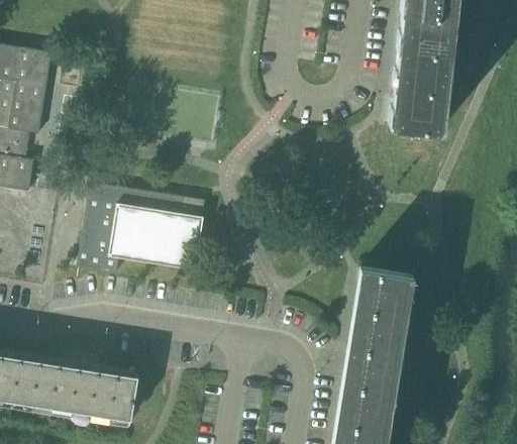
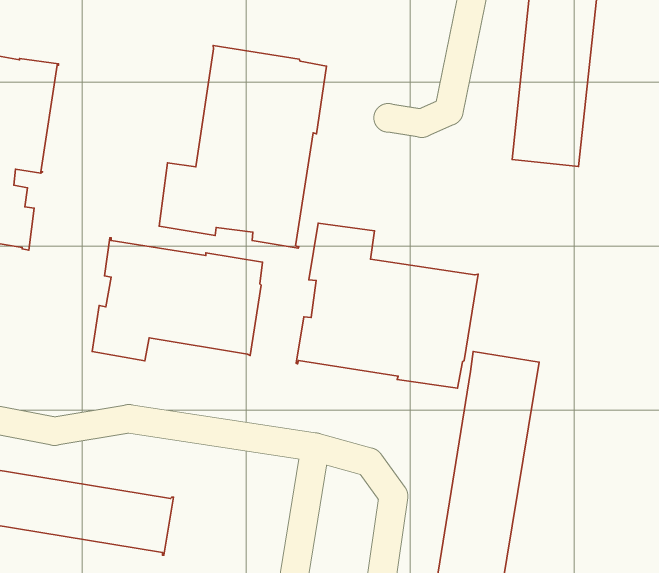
building: none -> [159,45,326,248]
building: none -> [296,223,478,388]

